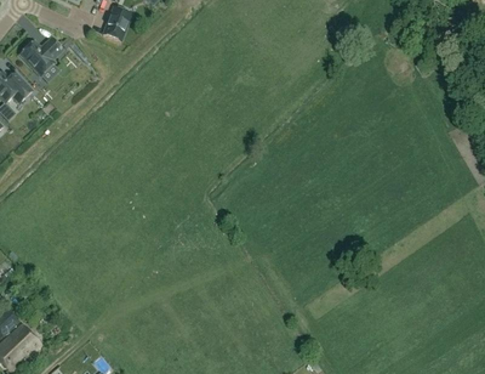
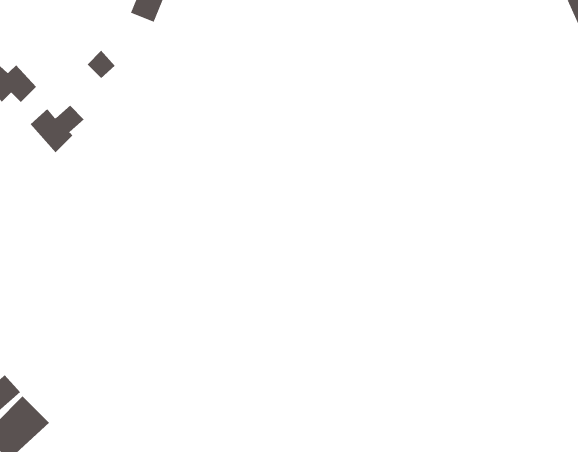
building: [21,40,62,76] -> [30,105,85,153]

